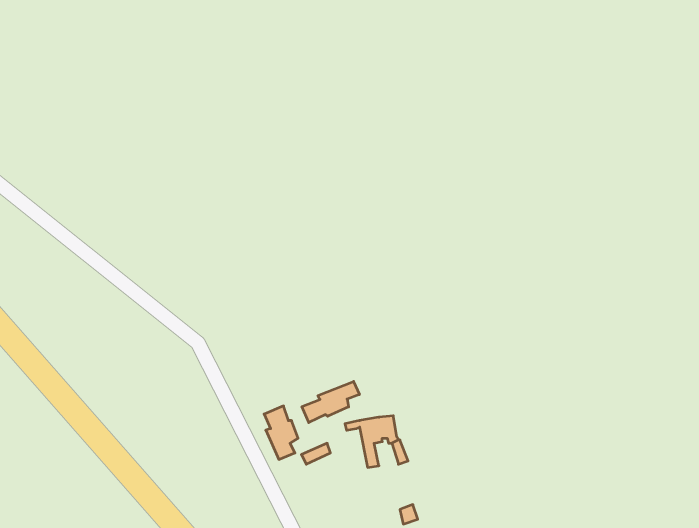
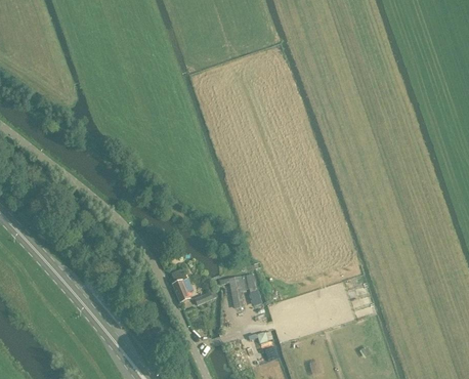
building: [302,381,359,423] -> none

